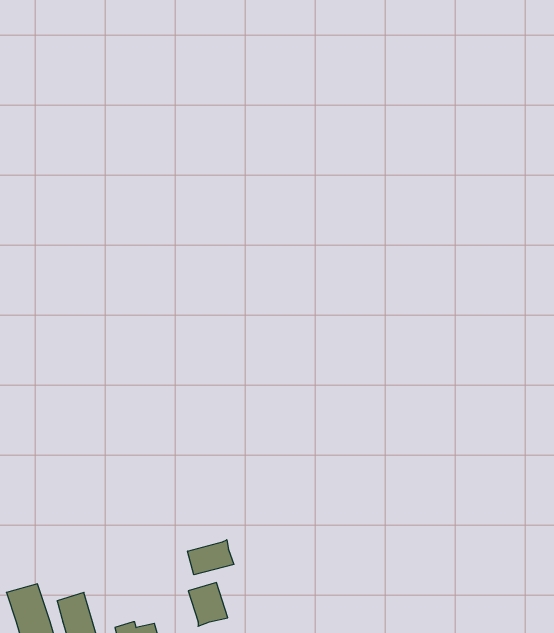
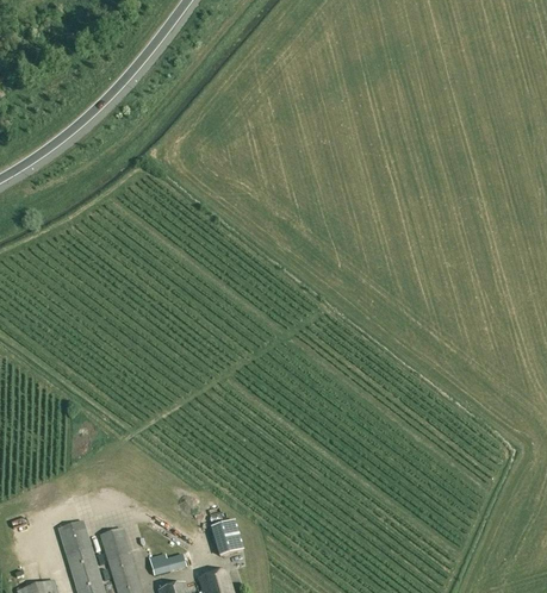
building: [188,540,234,575] -> none

